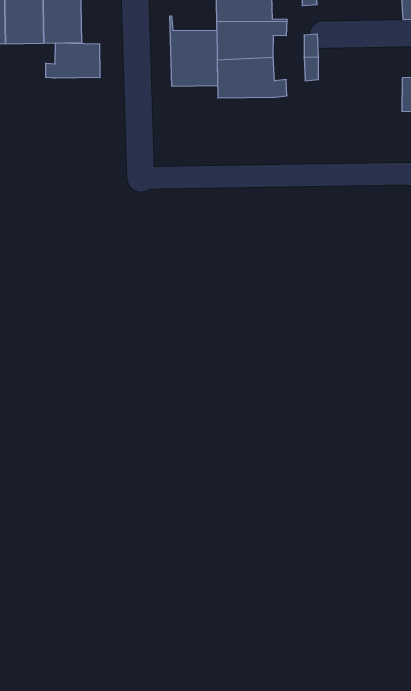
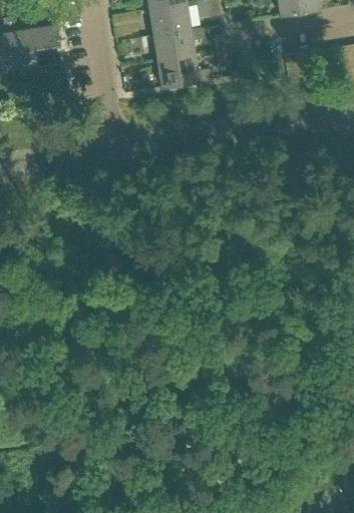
building: [170,16,218,86] -> none
building: [46,43,100,78] -> none

